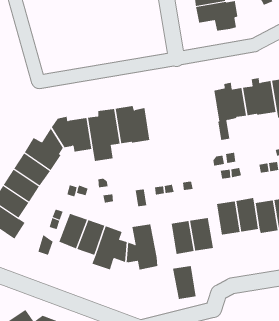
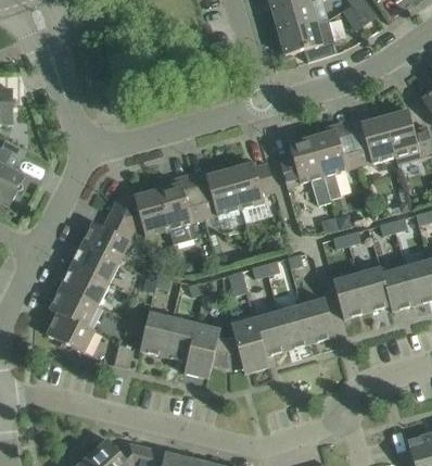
building: none -> [279,137,330,205]
building: none -> [229,162,275,209]
building: [172,266,197,300] -> [254,311,289,355]

